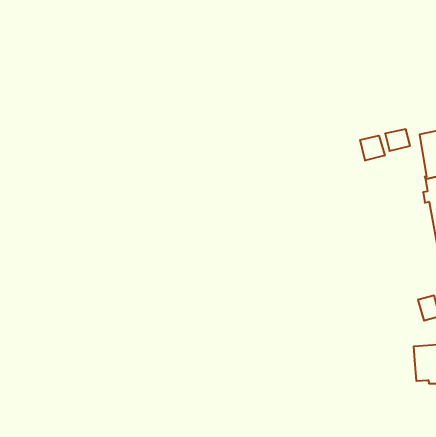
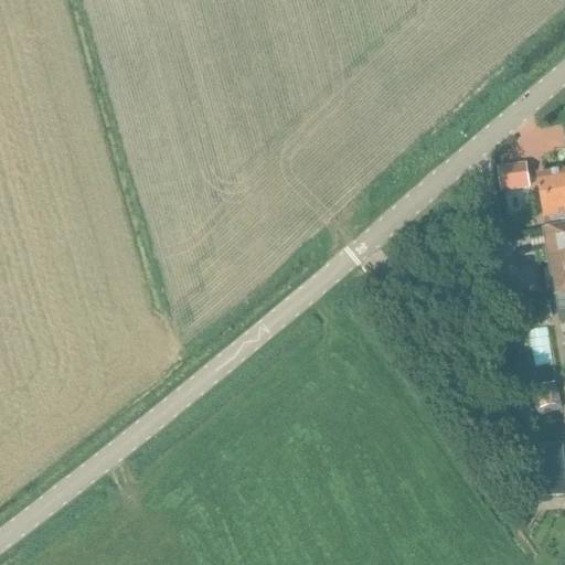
building: [360,136,385,161] -> none

